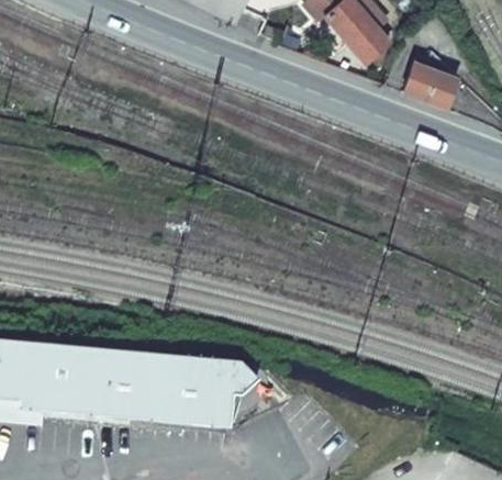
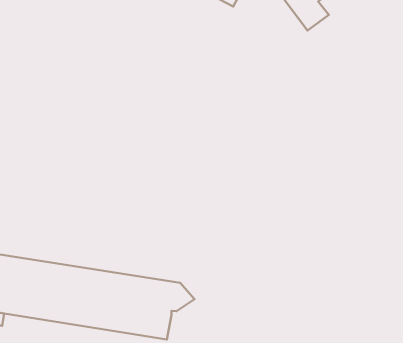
building: [405,48,457,107] -> none

